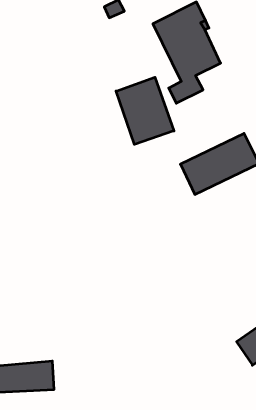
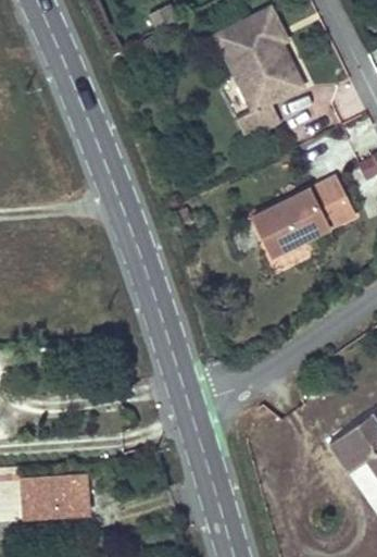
building: [116,77,174,144] -> none

